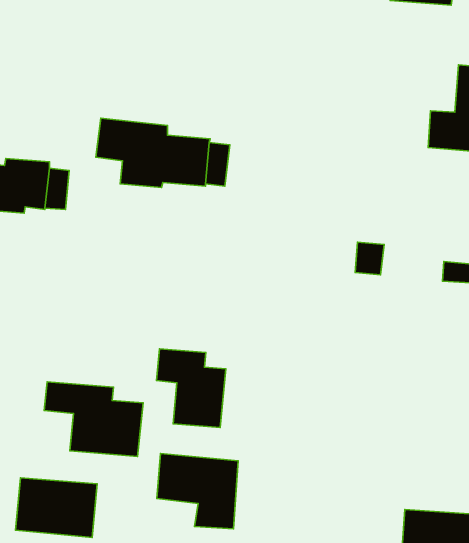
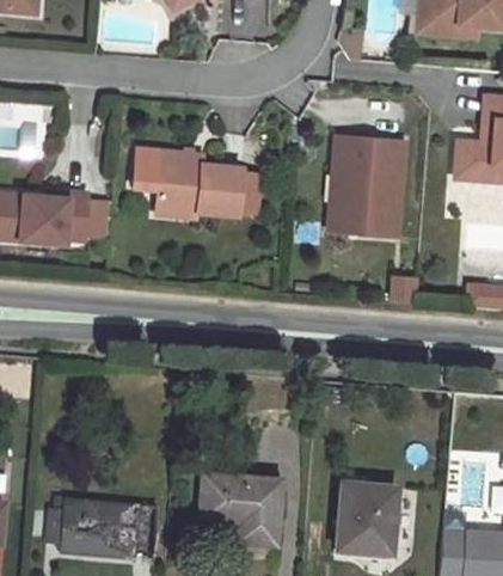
building: none -> [331,137,407,235]
building: [156,349,226,428] -> none
building: [44,382,143,456] -> none
building: none -> [330,488,391,554]

